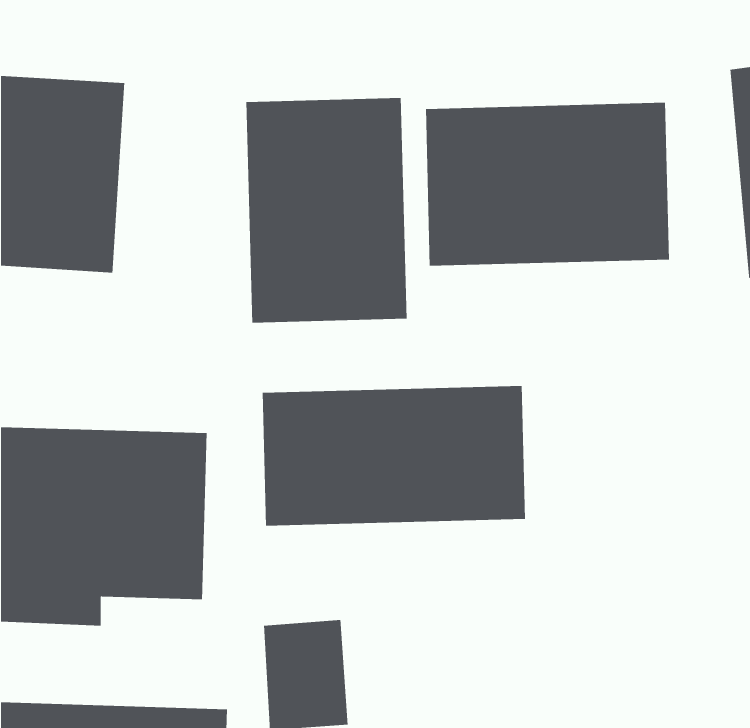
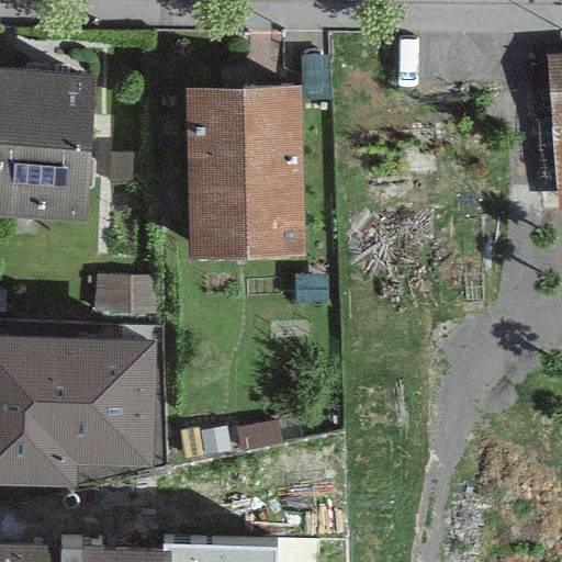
building: [425,102,670,267] -> none
building: [262,385,526,526] -> none

